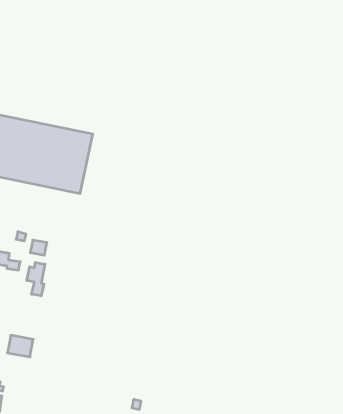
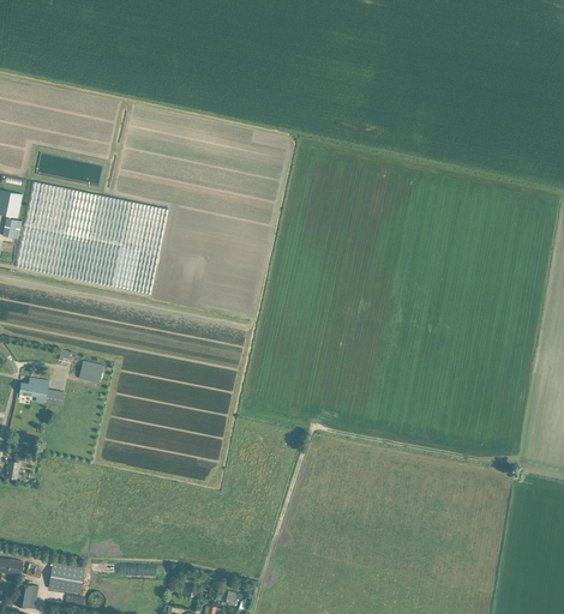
building: [27,262,45,296] -> none
building: [7,335,33,357] -> [47,564,84,595]

